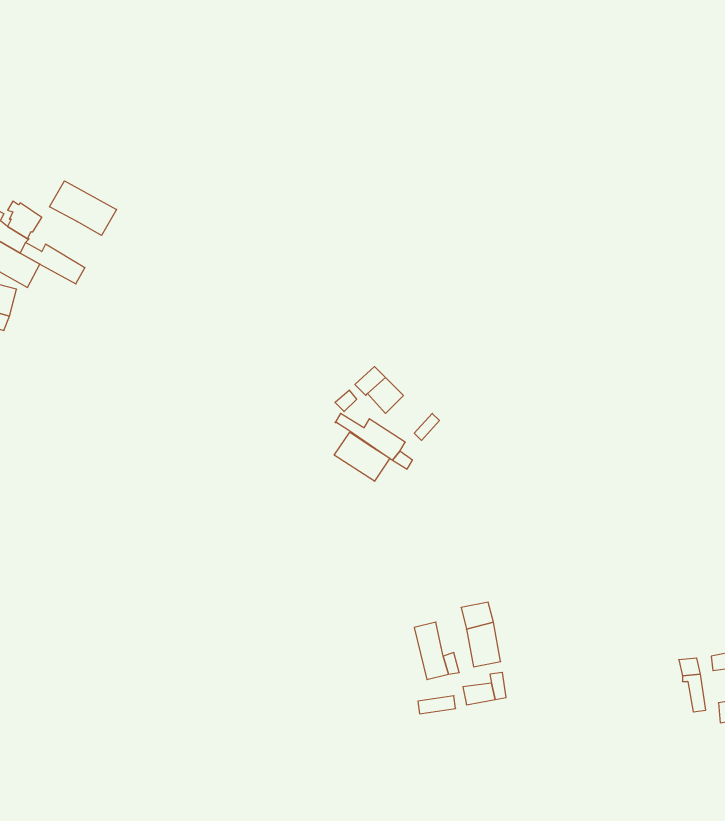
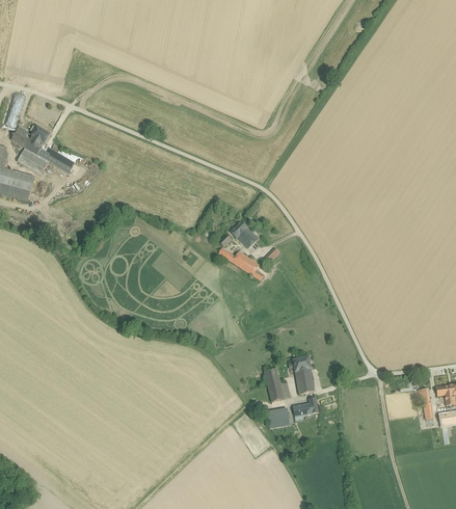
building: [50,181,117,235] -> none
building: [334,432,390,481] -> none

